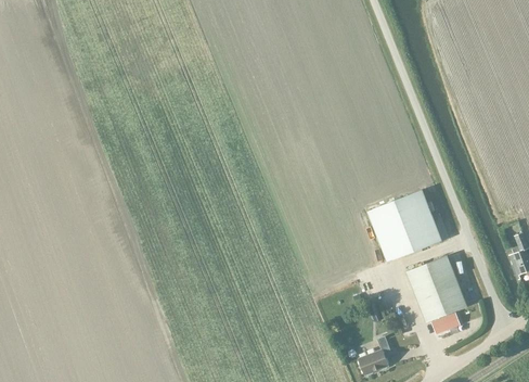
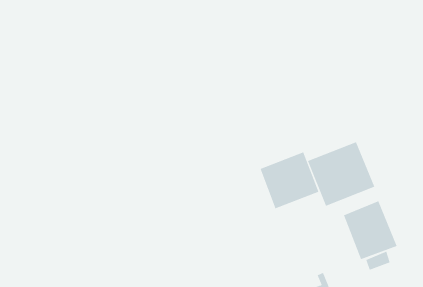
building: none -> [260,151,319,209]

